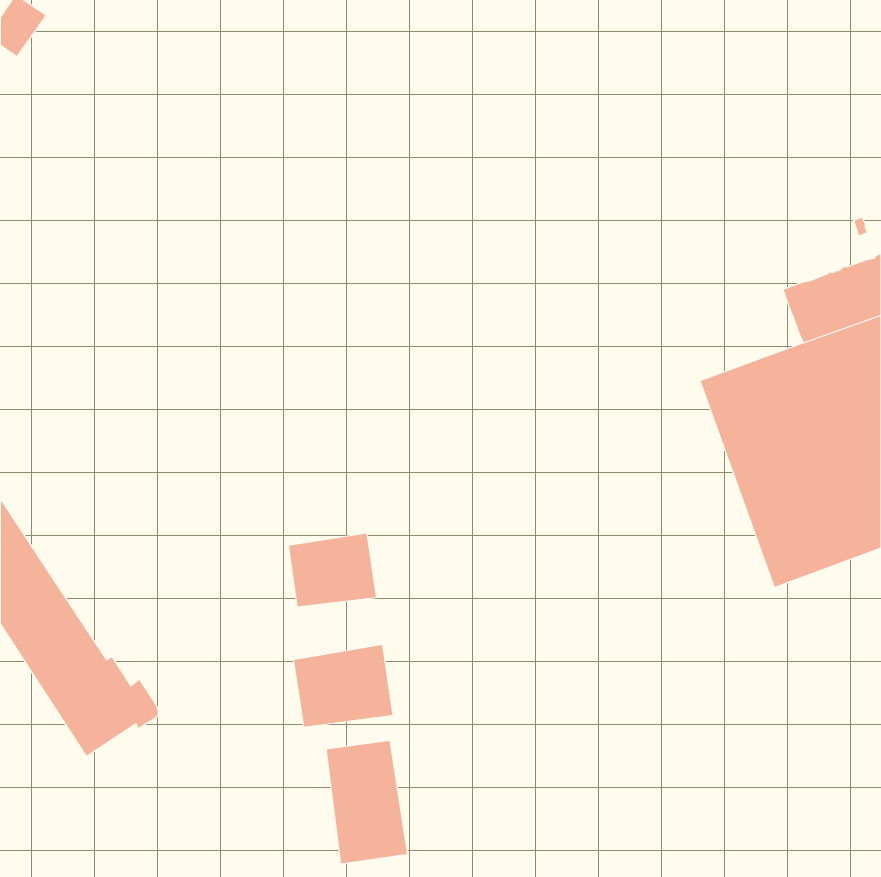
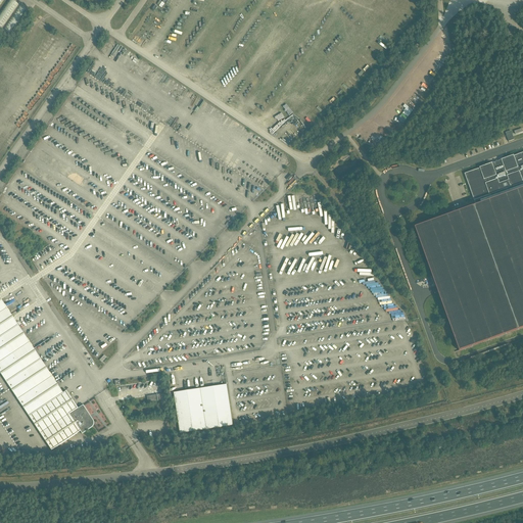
building: [288,533,376,607] -> none
building: [326,740,407,864] -> none

